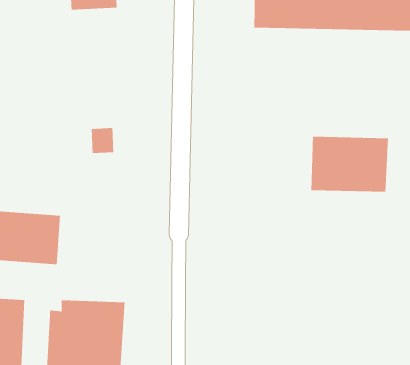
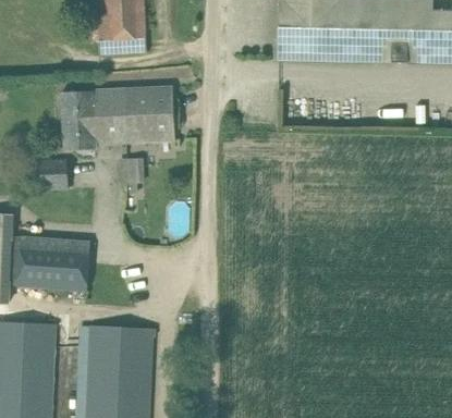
building: none -> [62,87,175,150]
building: none -> [38,159,69,189]
building: [311,136,389,193] -> none

